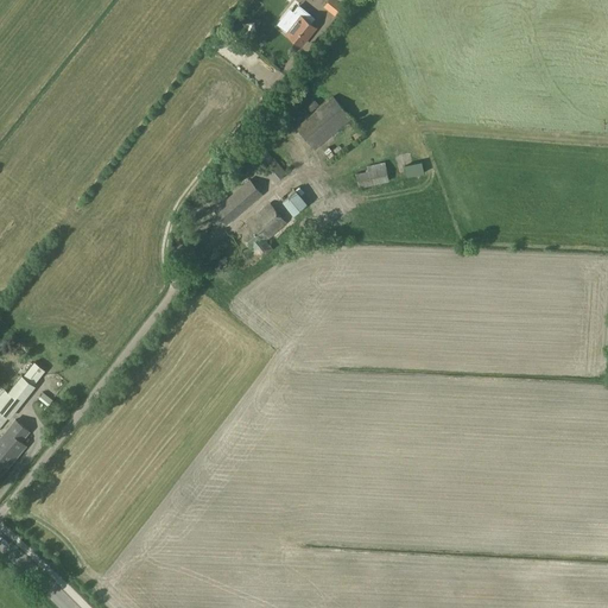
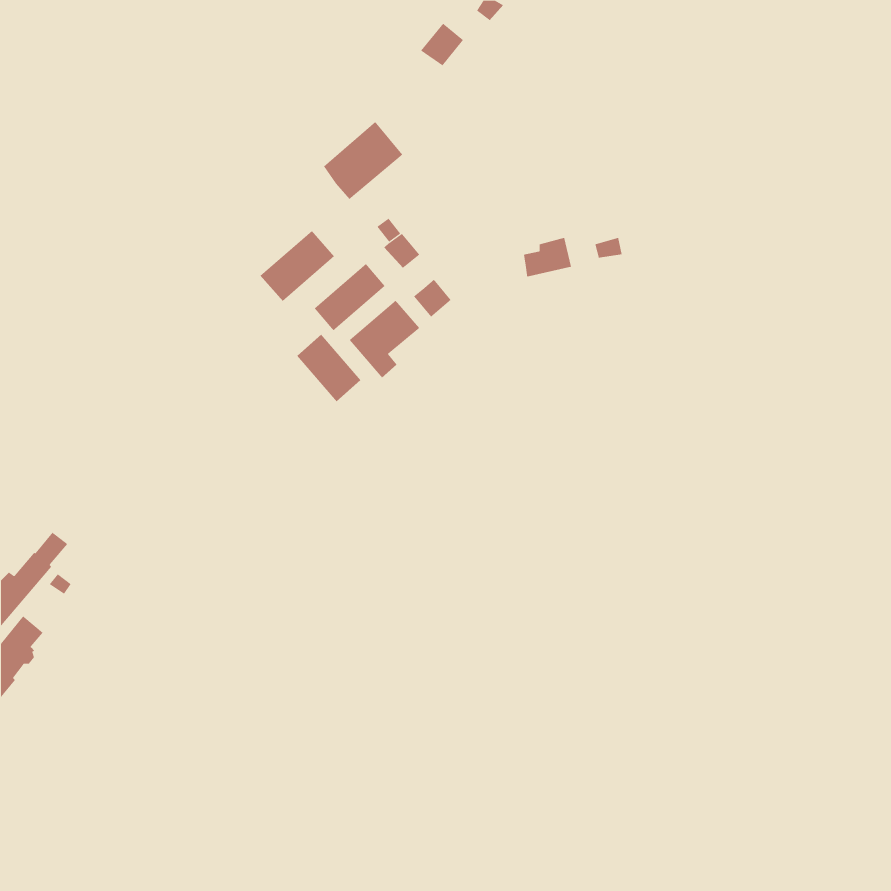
building: [297,96,352,150] -> [323,121,403,200]
building: none -> [260,230,335,302]
building: none -> [296,334,361,402]

